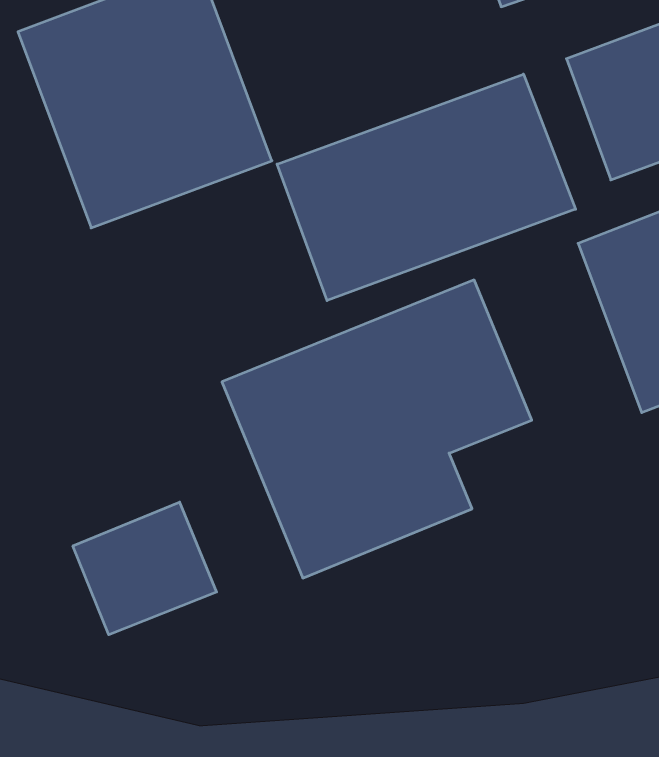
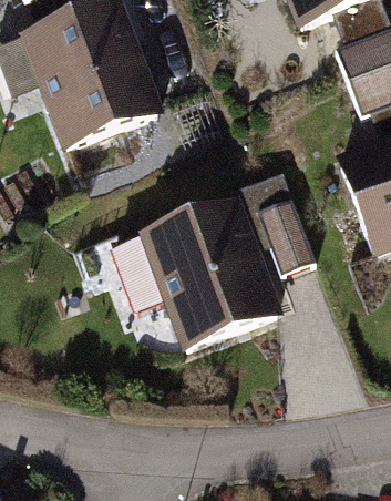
building: [277,74,576,301] -> none
building: [73,502,217,635] -> none

